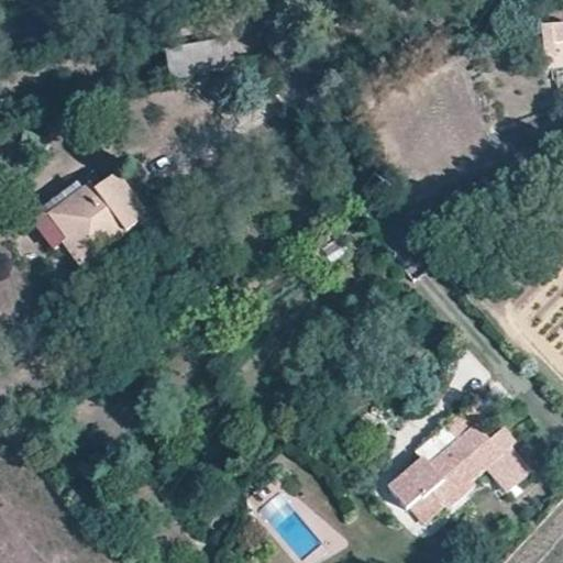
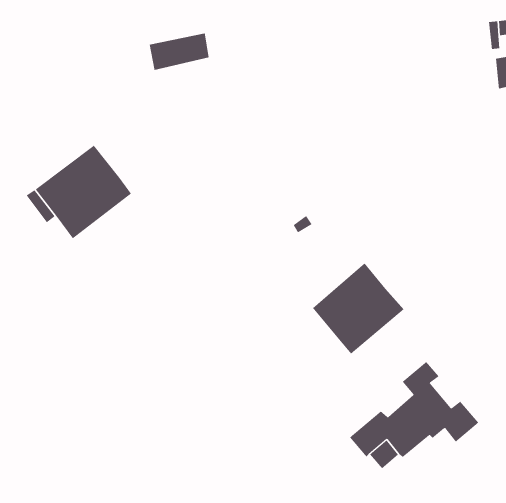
building: none -> [312,263,404,355]

